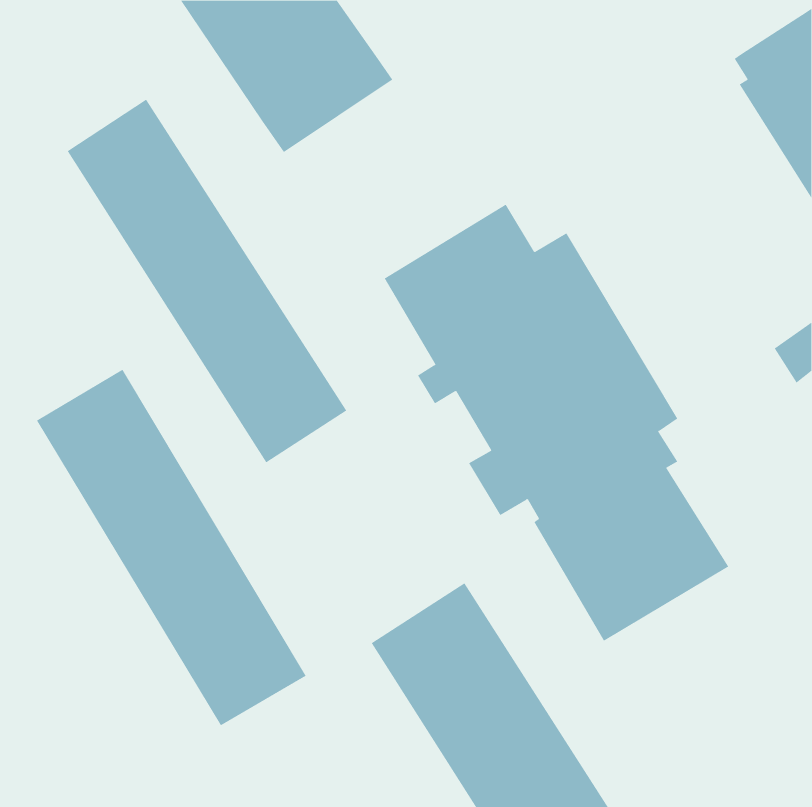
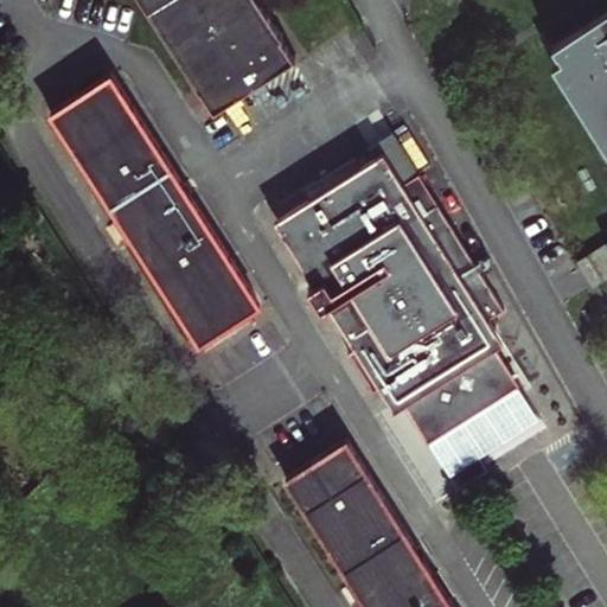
building: [36,369,307,726] -> none

